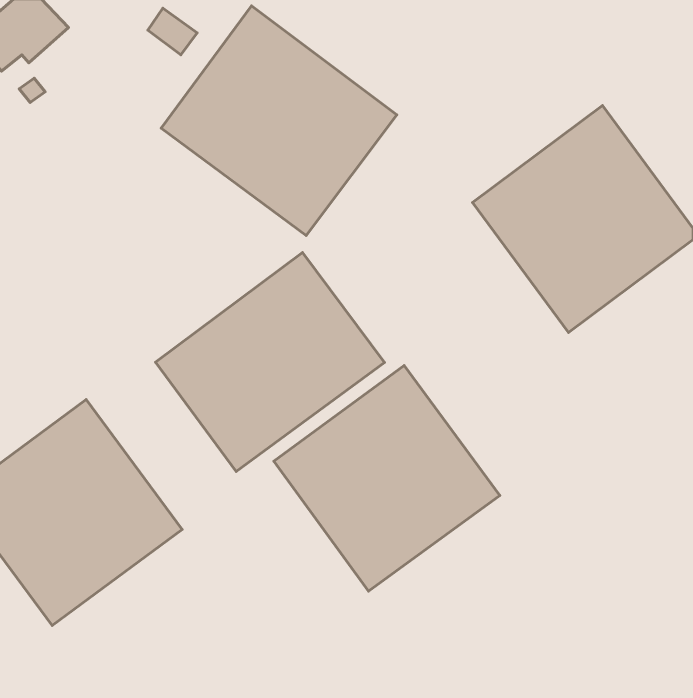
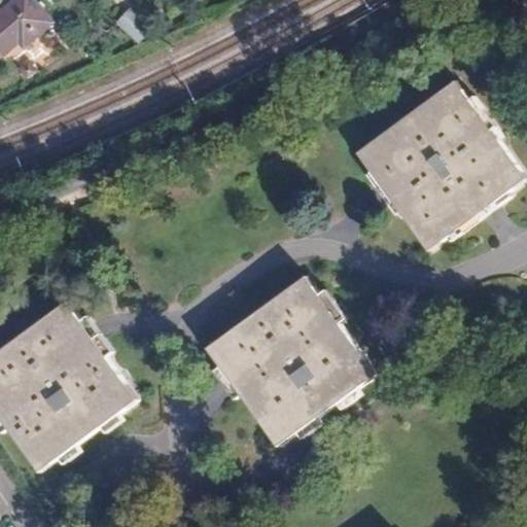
building: [161,6,397,235] -> none
building: [156,253,385,472] -> none

